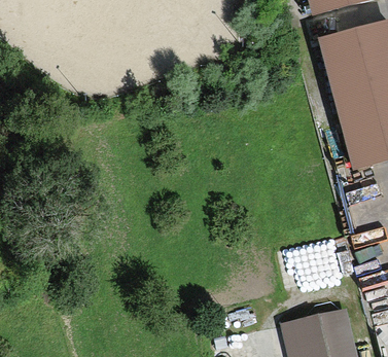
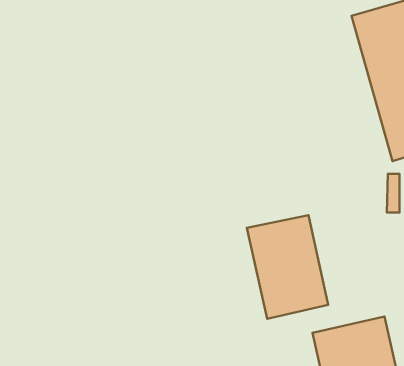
building: none -> [247,215,328,319]

